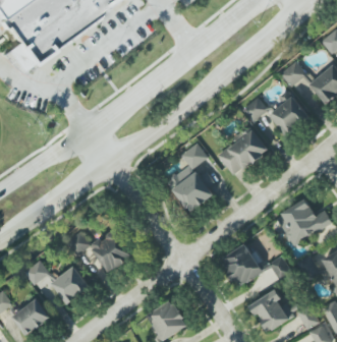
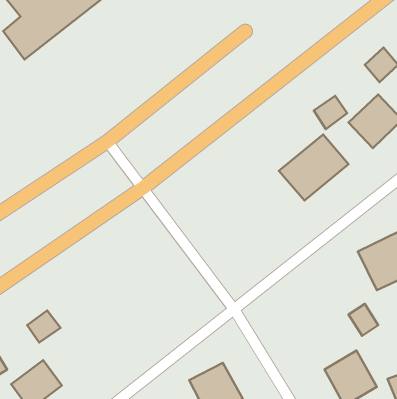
building: [167,144,215,214] -> none
building: [69,231,132,273] -> none
building: [221,245,263,287] -> none
building: [52,267,91,305] -> none

